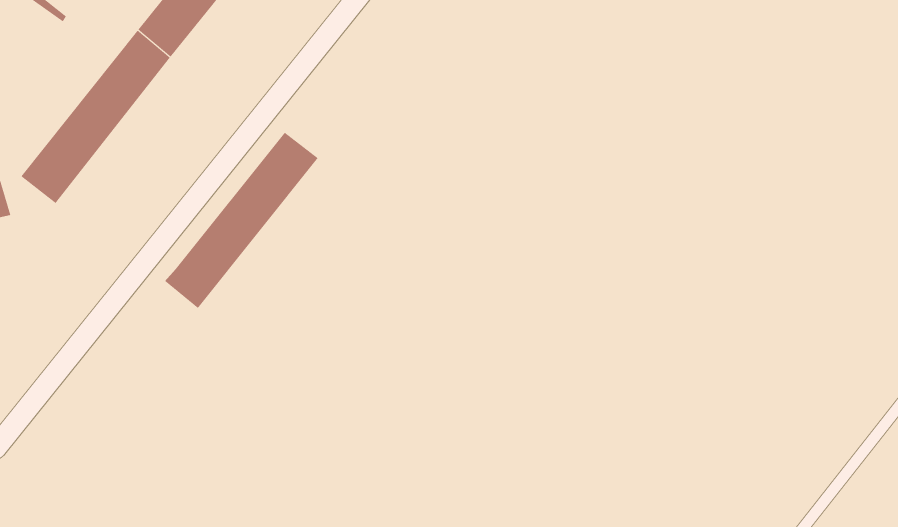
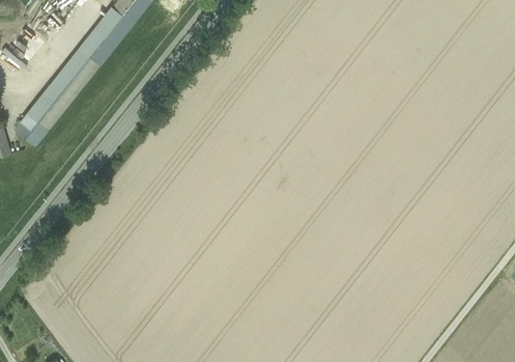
building: [164,132,318,309] -> none

